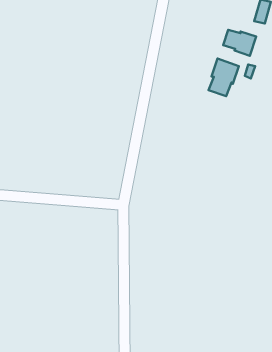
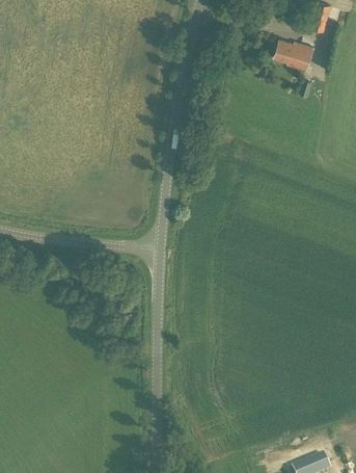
building: [209,59,239,96] -> none

